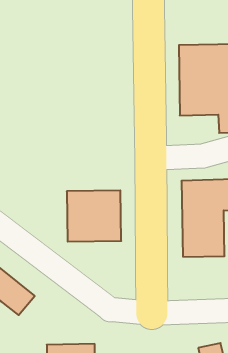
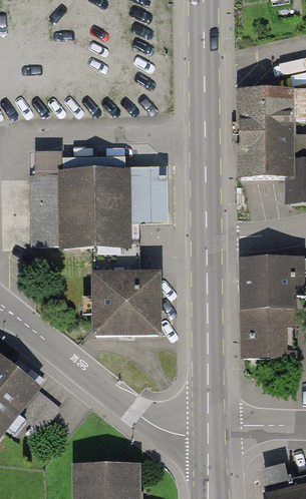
building: none -> [26,171,163,248]

